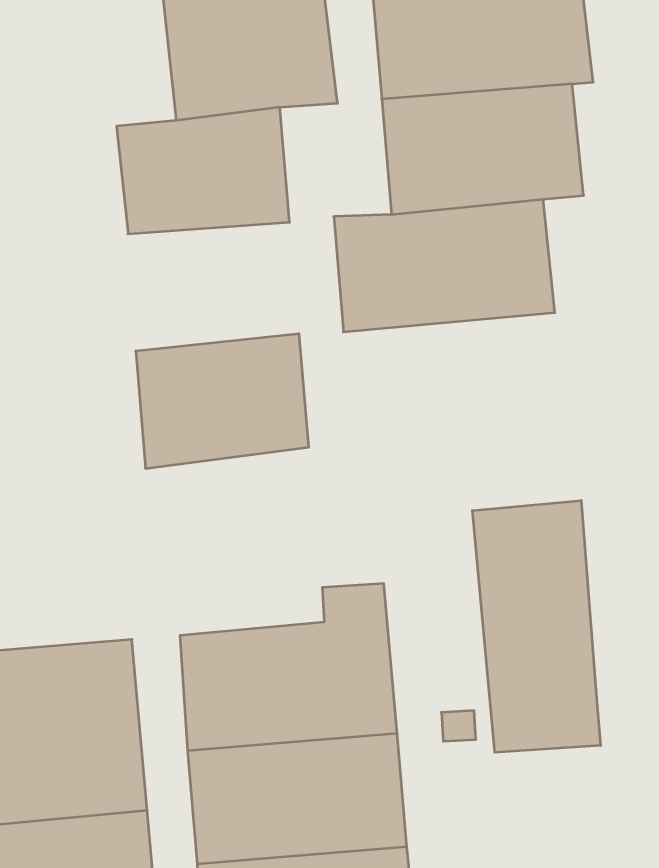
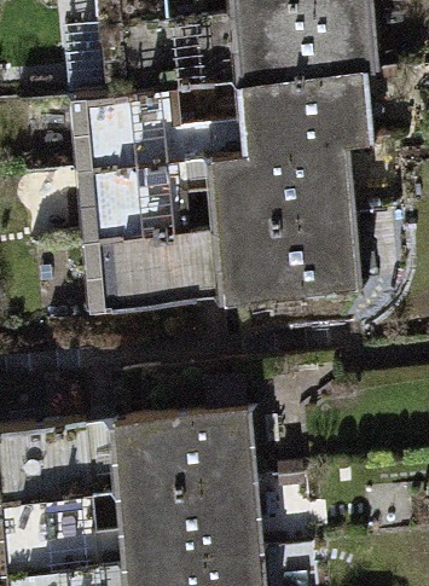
building: none -> [83,162,191,243]
building: none -> [219,219,359,302]
building: [472,500,601,752] -> none

